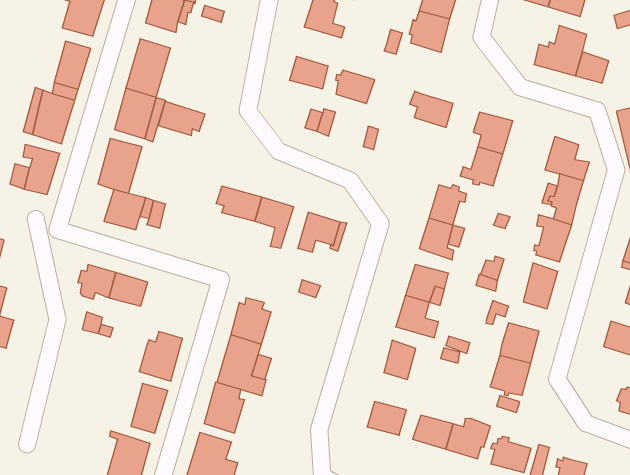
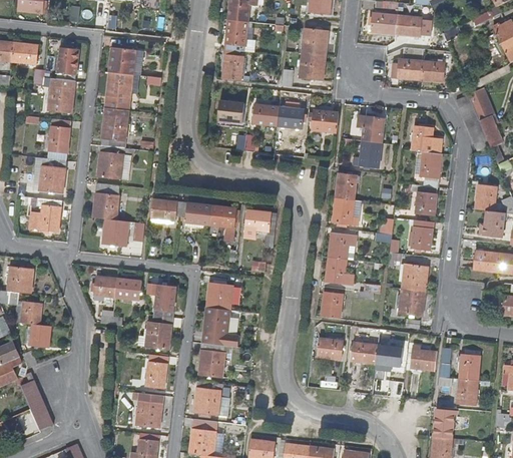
building: none -> [276,101,304,131]
building: [158,102,205,136] -> [150,198,182,219]
building: none -> [147,283,177,317]

